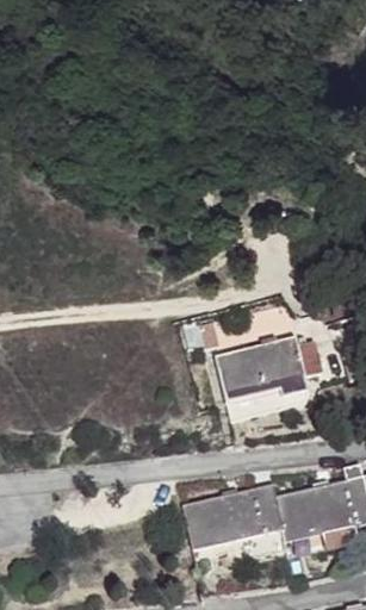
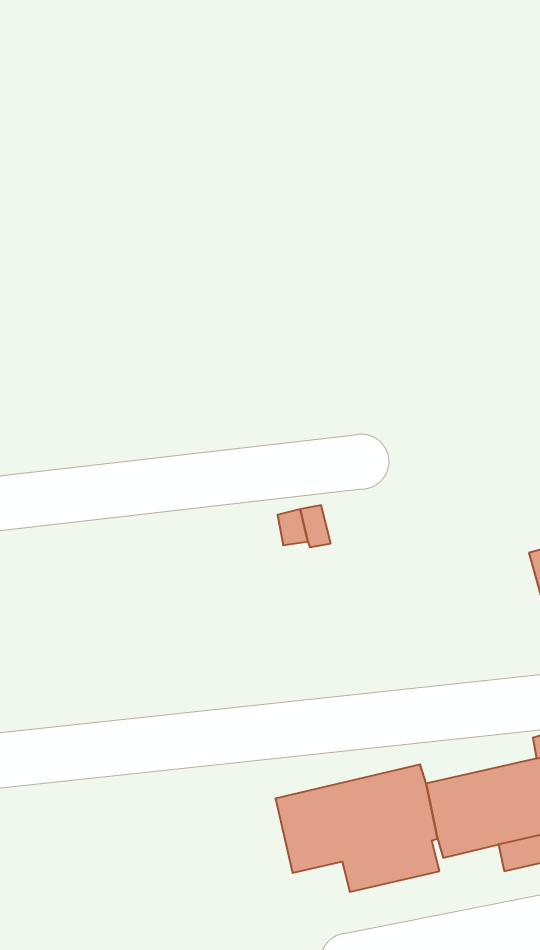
building: [213,337,309,422] -> none

